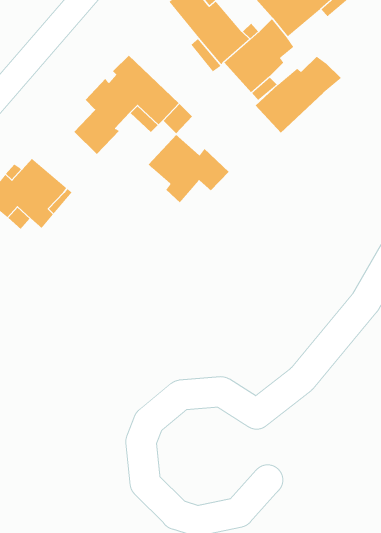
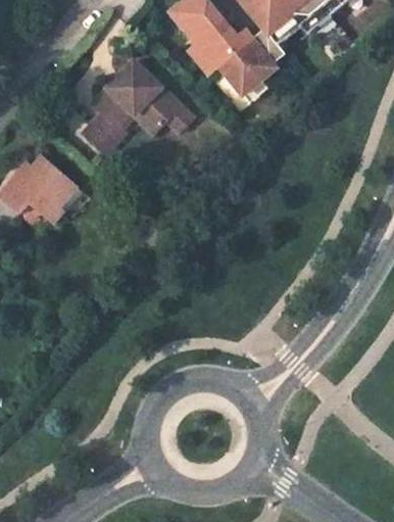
building: [255,56,342,134] -> none
building: [148,134,229,203] -> none

